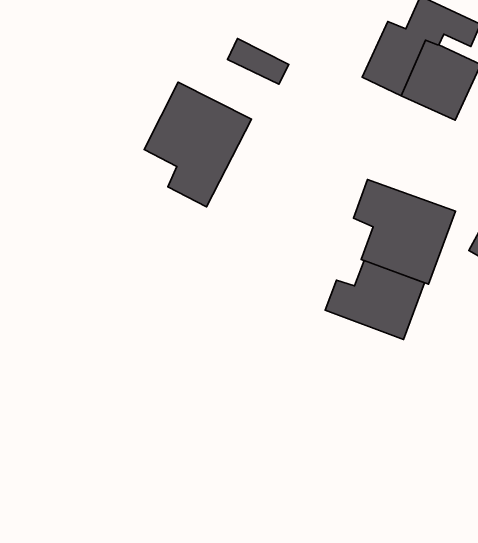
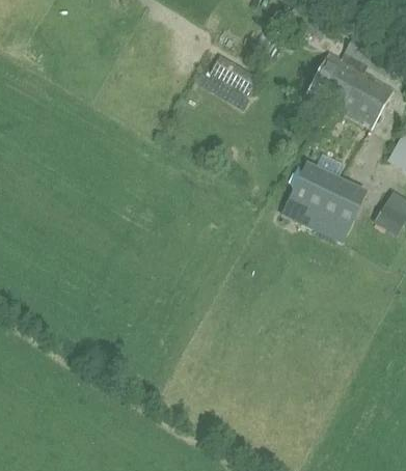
building: [144,82,252,207] -> none
building: [325,261,424,340] -> none

